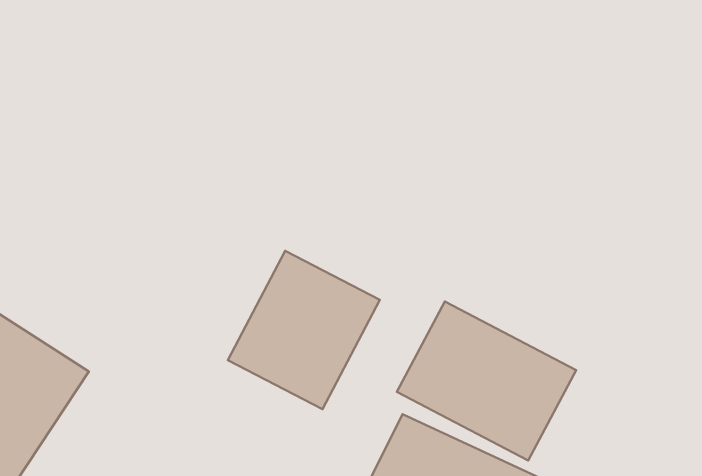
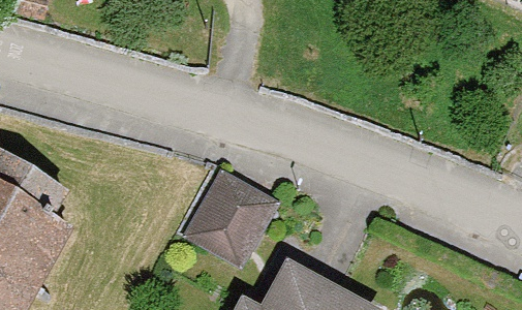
building: [397,302,576,460] -> none

